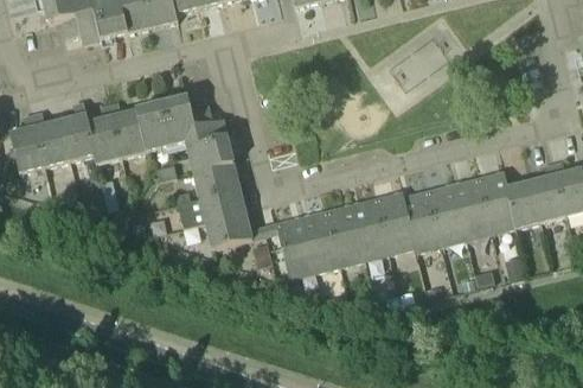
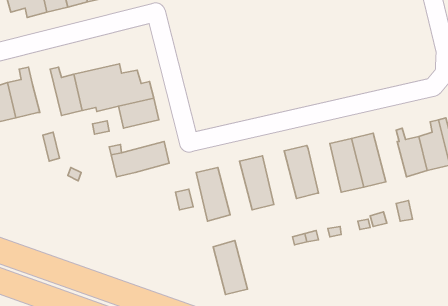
building: [89,104,122,164] -> none
building: [193,163,239,198] -> none
building: [479,171,517,234] -> none
building: [404,190,442,252] -> none
building: [352,198,391,260] -> none
building: [301,210,340,272] -> [213,241,247,294]
building: [206,212,265,248] -> none

